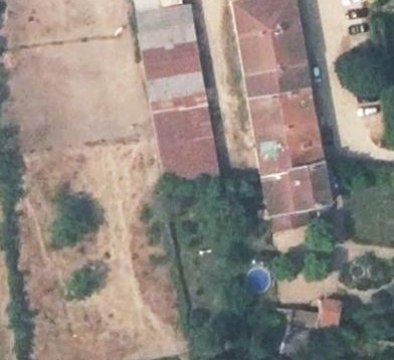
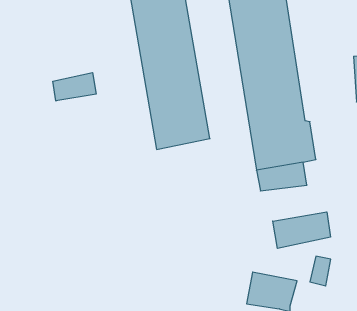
building: none -> [53,73,96,101]
building: none -> [273,212,330,248]

